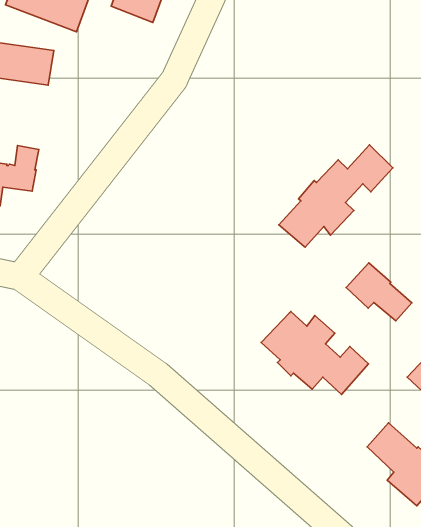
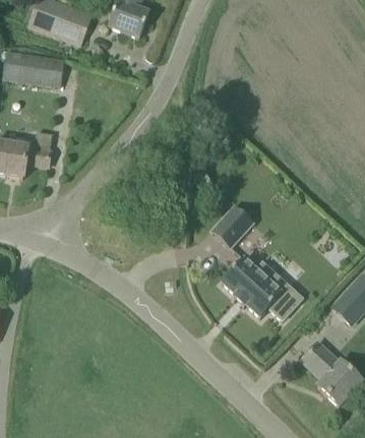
building: [279,145,393,247] -> none
building: none -> [210,204,252,247]
building: [346,263,412,321] -> none

